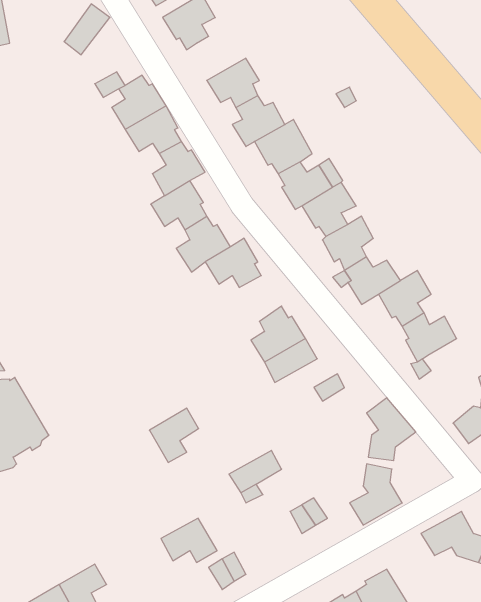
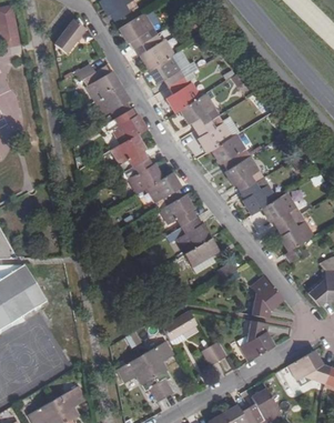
building: none -> [140,36,174,69]
building: none -> [161,194,198,226]
building: [149,408,199,462] -> [143,341,175,376]

